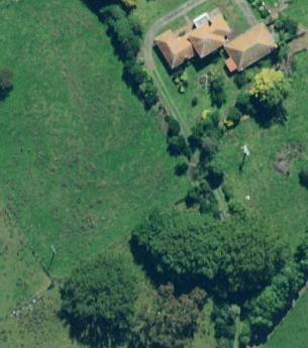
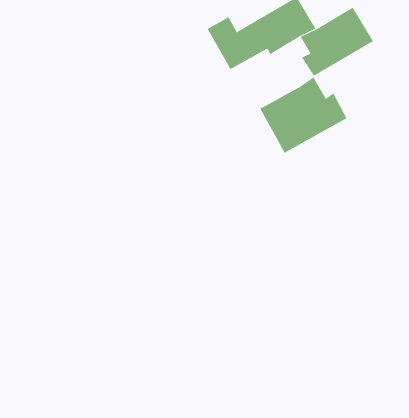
building: none -> [260,77,347,153]

